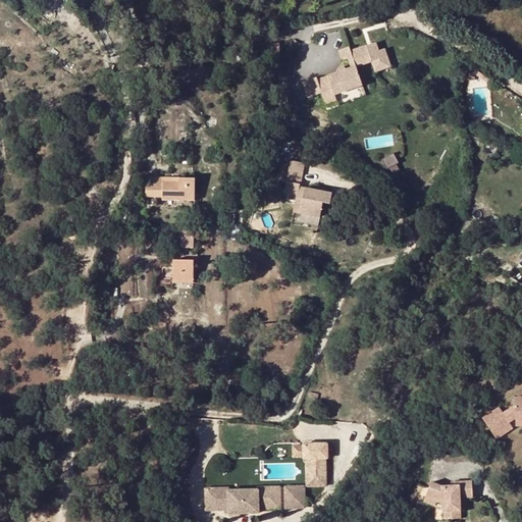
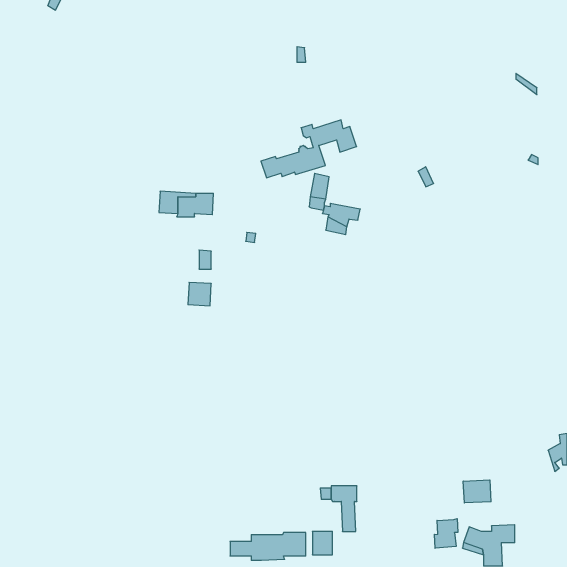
building: [303,42,390,95] -> [261,120,357,178]
building: [482,408,509,440] -> none
building: none -> [463,480,491,503]
building: none -> [434,519,458,548]

